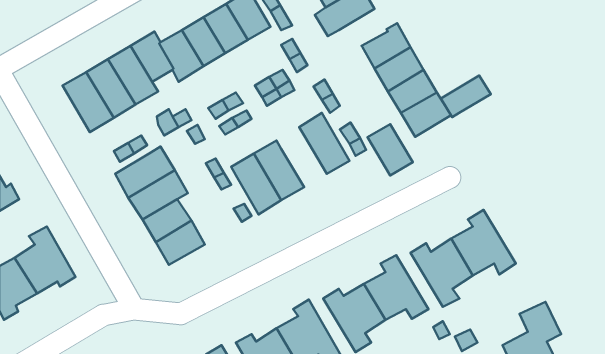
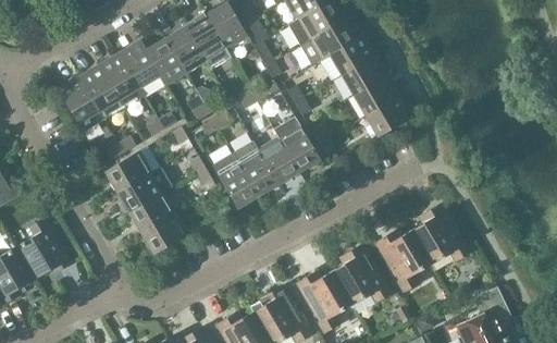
building: none -> [299,20,354,65]
building: [441,75,491,117] -> none
building: [367,124,413,175] -> [257,135,298,182]

